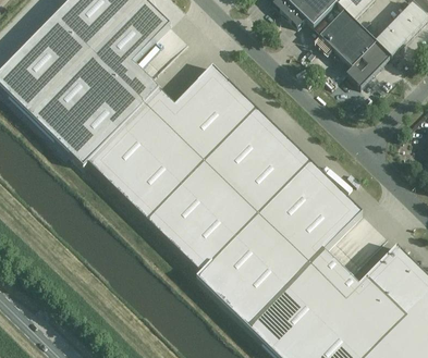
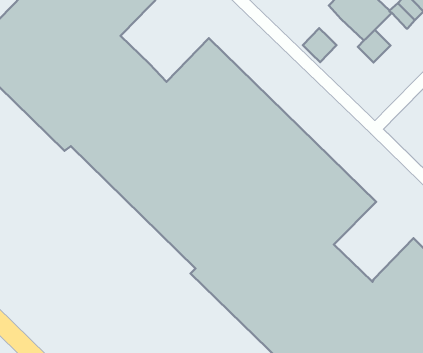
building: [362,40,390,70] -> none
building: none -> [303,28,337,62]

